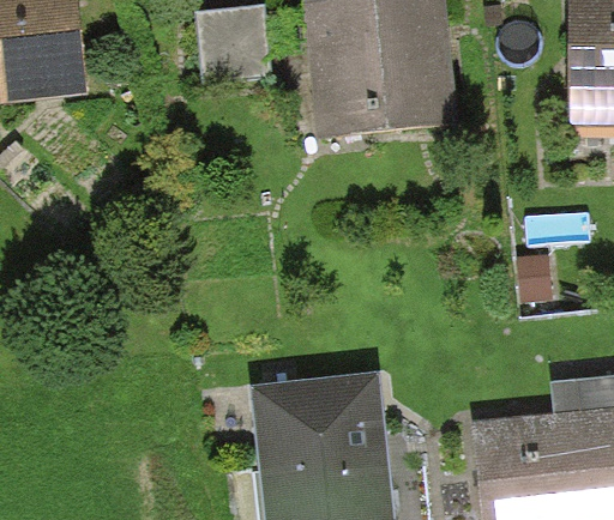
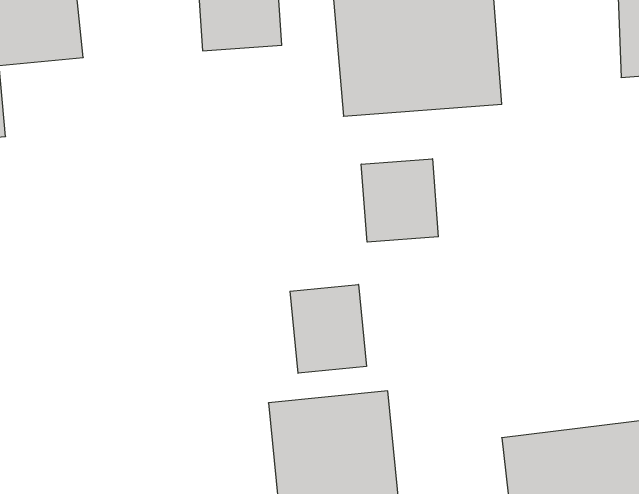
building: none -> [361,159,438,242]
building: none -> [290,284,366,373]

